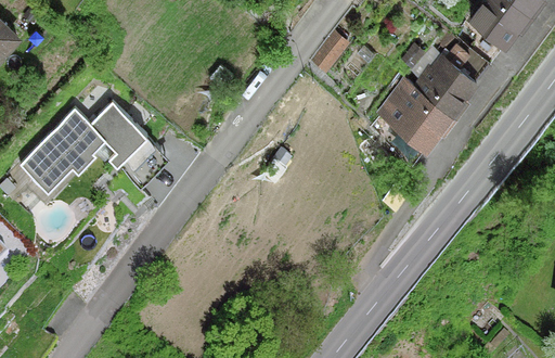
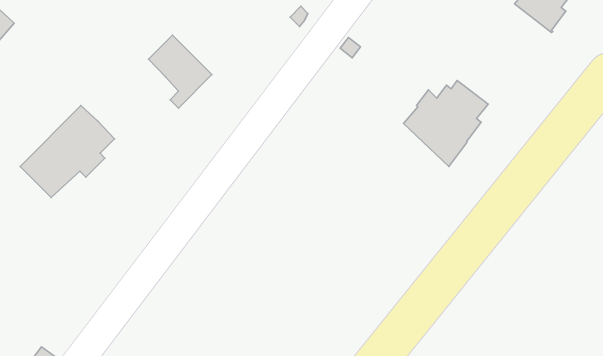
building: [412,43,477,111] -> none
building: [92,104,150,170] -> [149,35,212,108]

